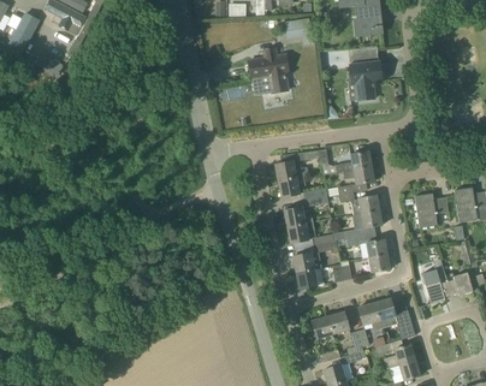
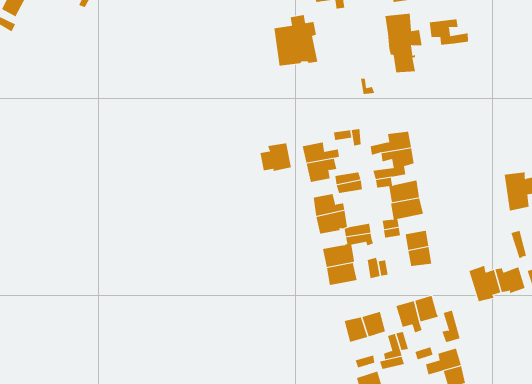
building: none -> [429,18,469,46]
building: none -> [260,142,291,172]
building: [414,192,448,228] -> none

